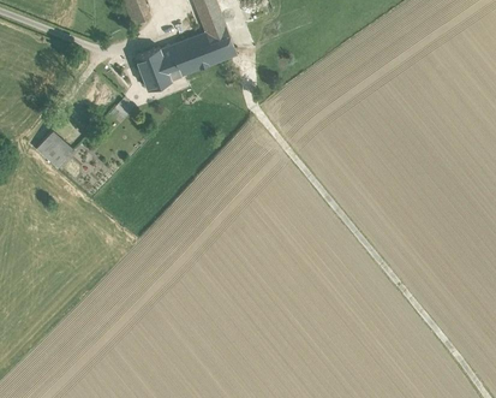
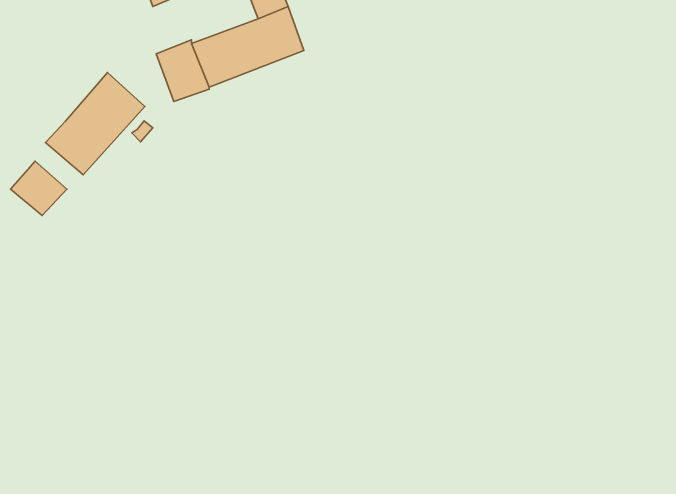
building: none -> [45,72,145,175]

